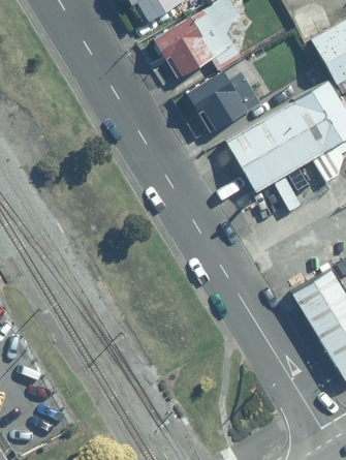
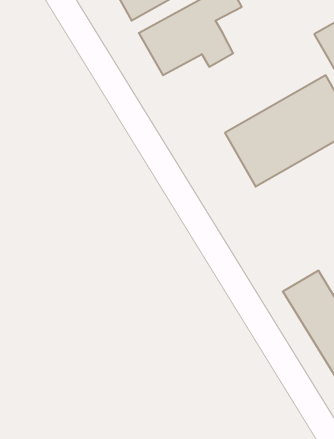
building: [181,72,261,136] -> none

